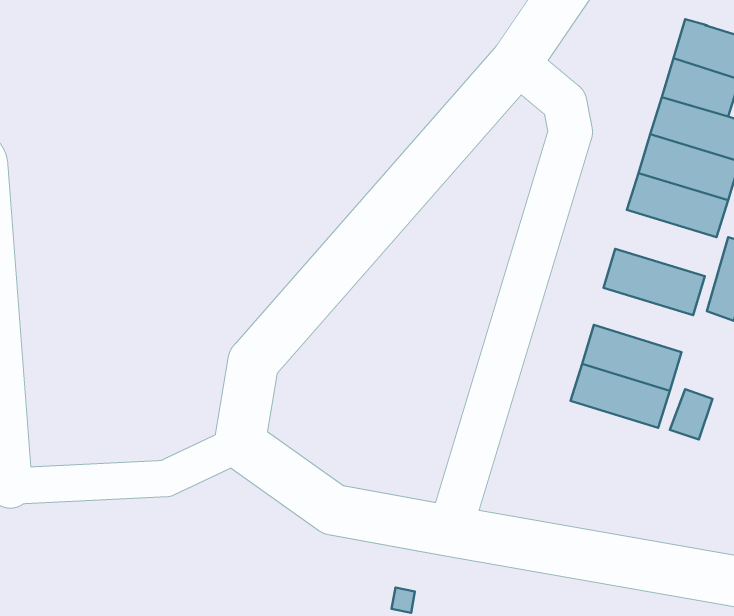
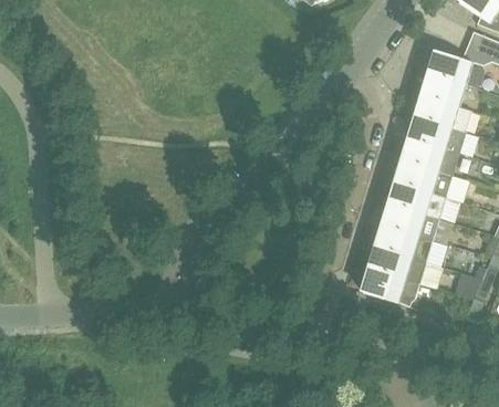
building: none -> [394,157,451,195]
building: none -> [382,201,438,238]
building: none -> [362,265,418,304]

